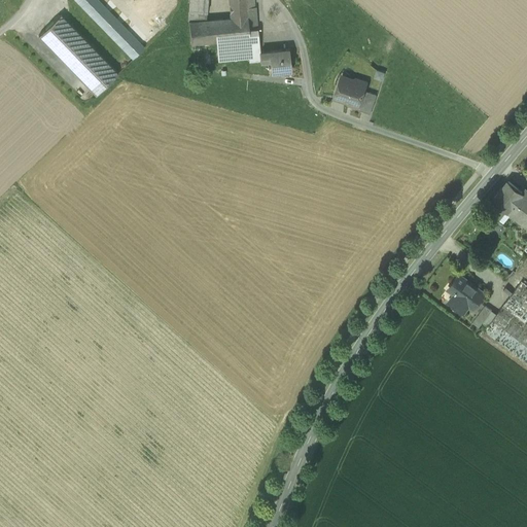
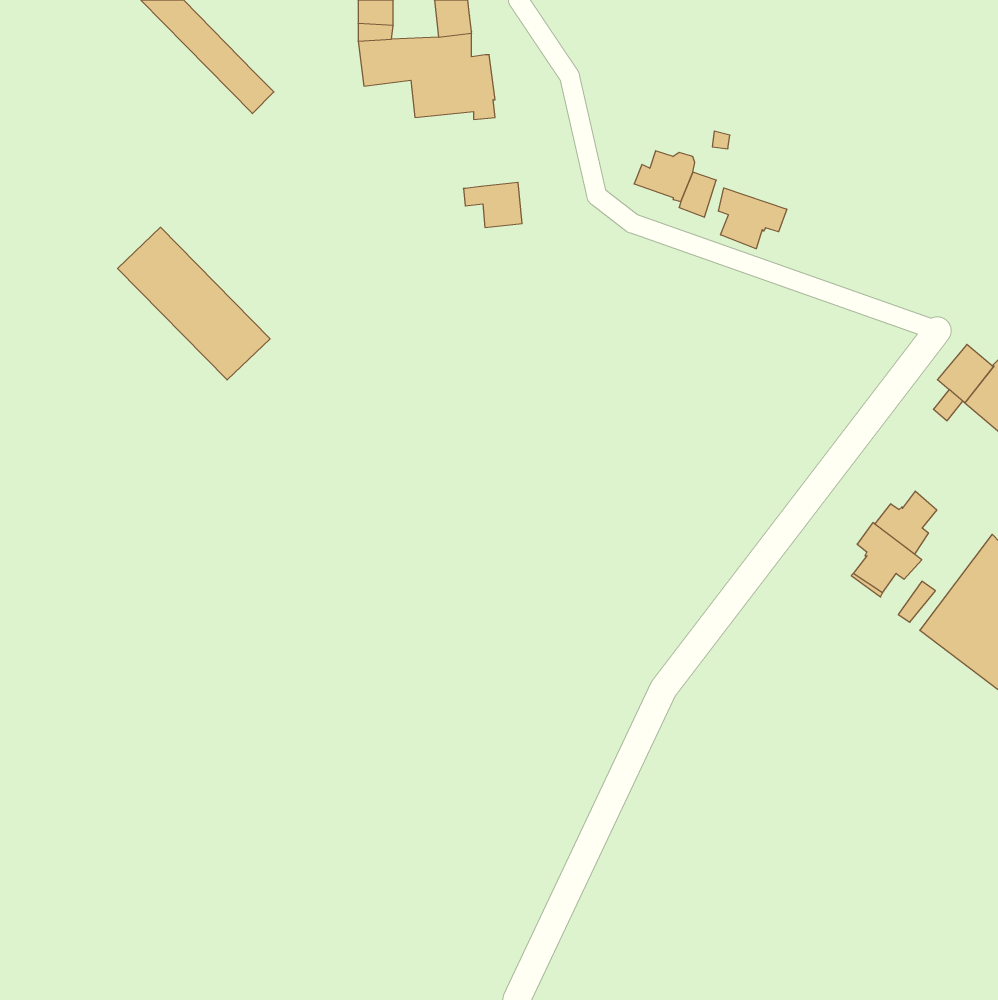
building: [39,15,119,96] -> [118,227,270,380]
building: [260,49,291,73] -> [463,182,522,227]
building: none -> [718,188,787,249]
building: none -> [875,491,937,554]

